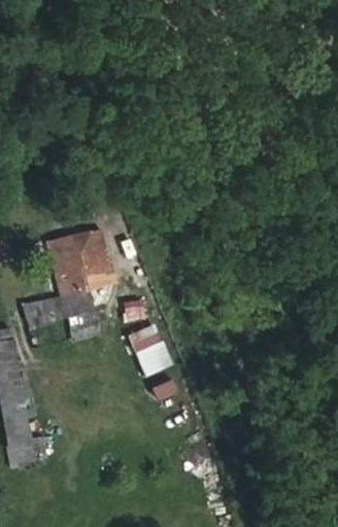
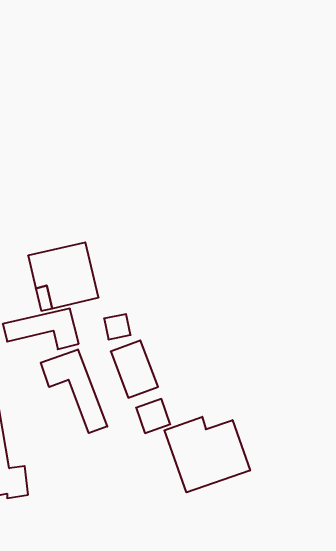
building: none -> [41,349,107,433]
building: none -> [164,417,250,492]

